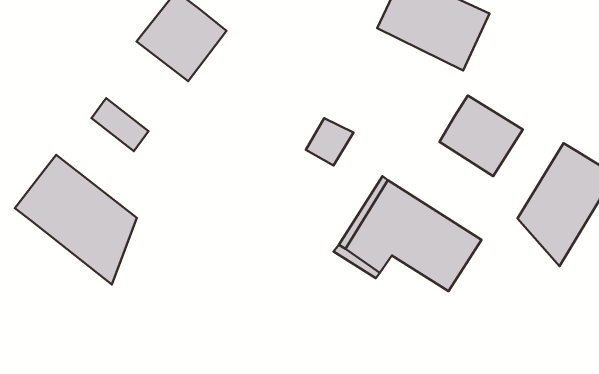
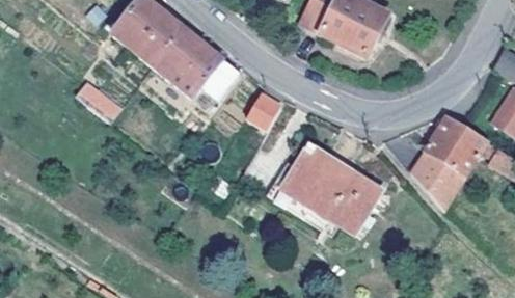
building: none -> [152,26,240,99]
building: [439,96,523,176] -> none
building: [15,155,137,285] -> none

